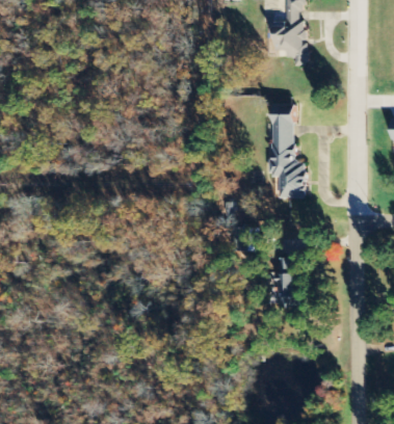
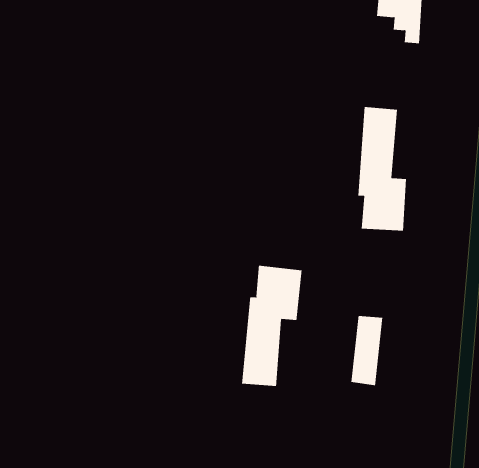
building: none -> [242,265,302,387]

